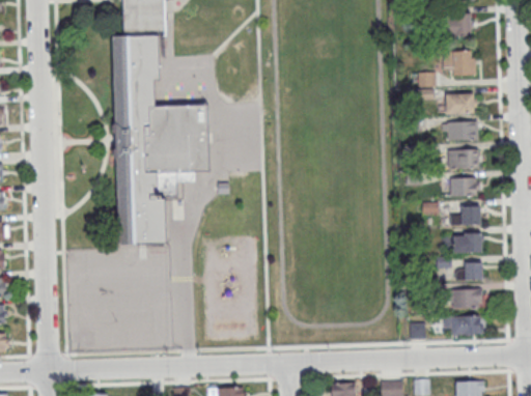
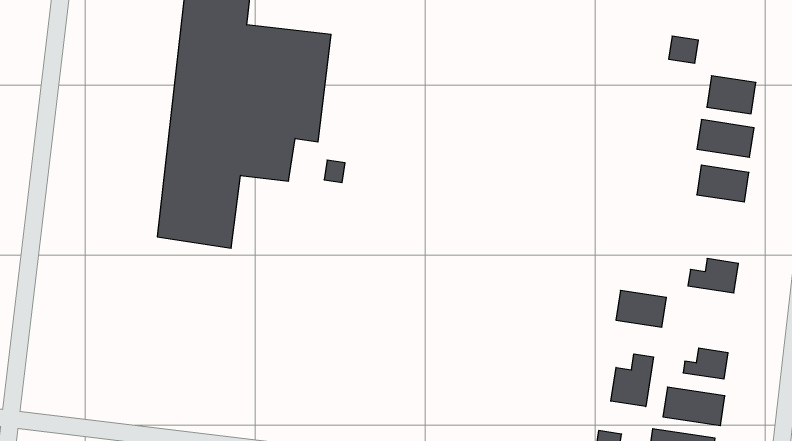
building: [443,51,475,76] -> none
building: [449,177,477,196] -> none
building: [453,233,482,252] -> [616,290,666,327]
building: none -> [611,354,653,407]

